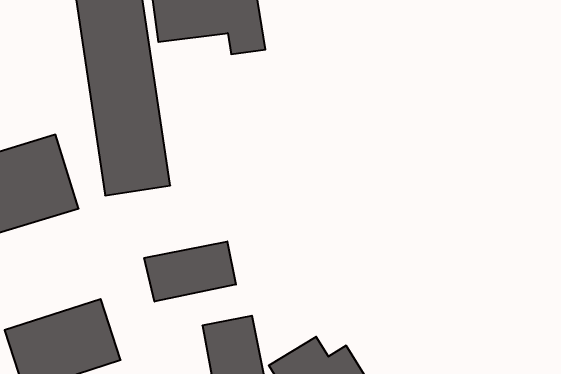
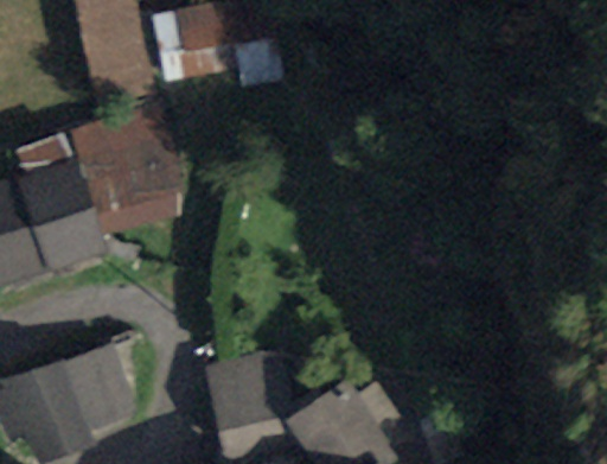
building: [144,241,236,302] -> none

